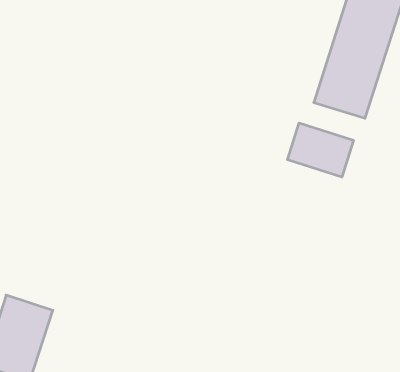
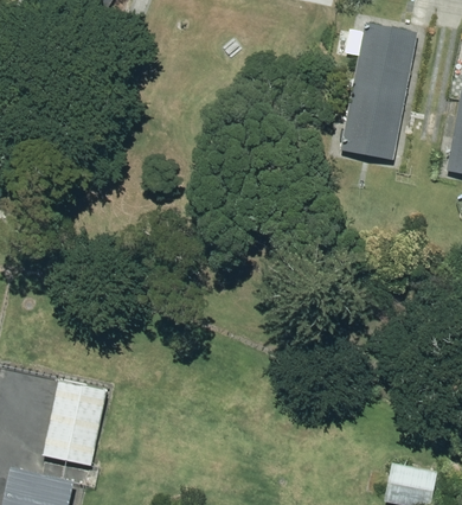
building: [287,123,353,177] -> none

